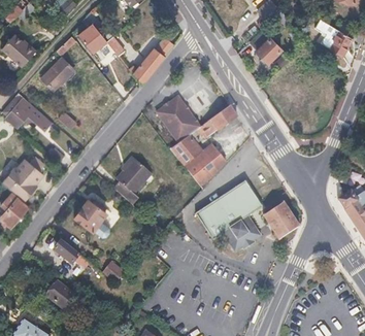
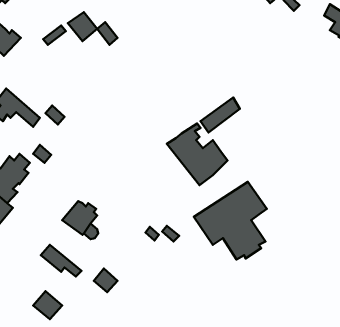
building: [257,30,281,63] -> none
building: [128,37,173,85] -> none
building: [40,58,73,90] -> none
building: [157,95,201,141] -> none
building: [114,158,152,203] -> none
building: [264,201,299,238] -> none

